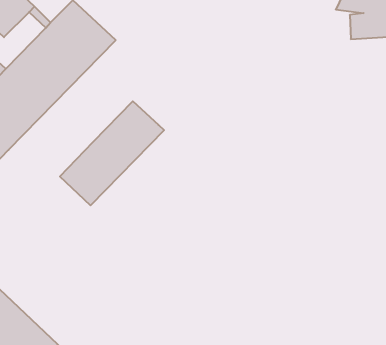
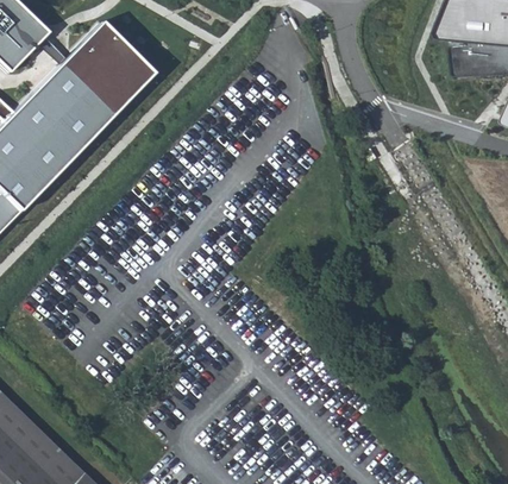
building: [60,101,164,205] -> none

